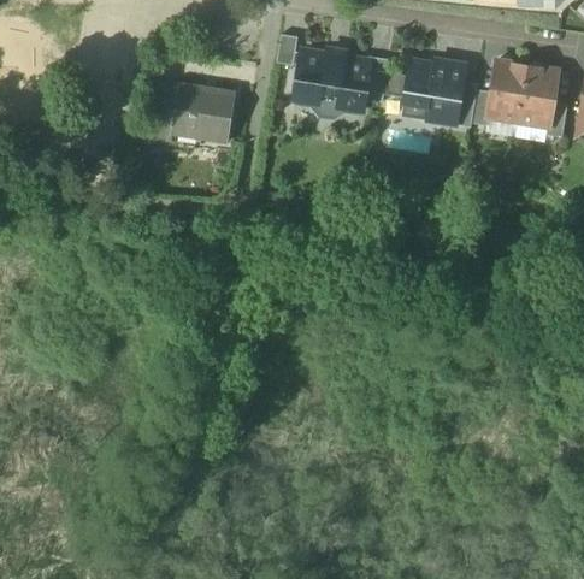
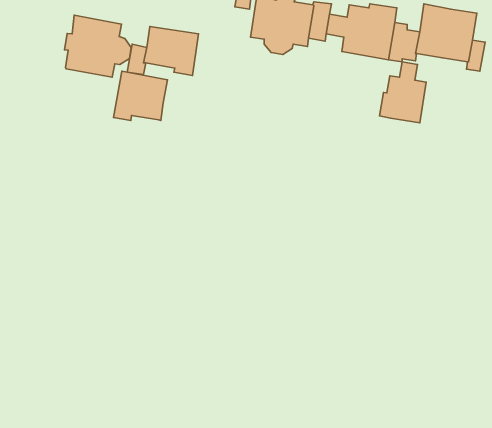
building: none -> [65,15,131,77]
building: none -> [379,62,426,123]
building: none -> [113,71,167,120]

